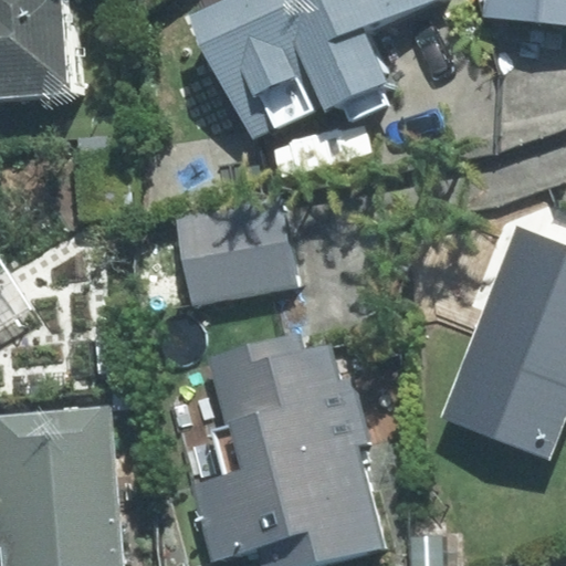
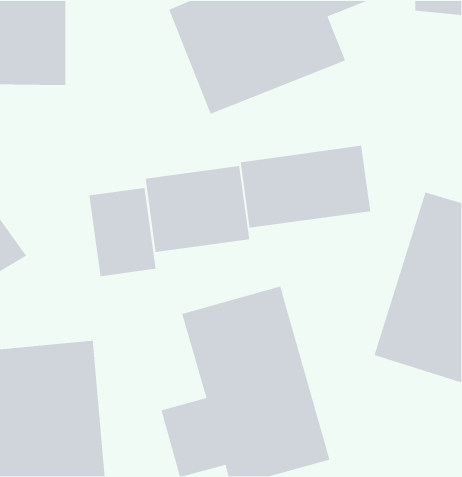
building: none -> [240,145,371,229]
building: none -> [89,187,156,277]

